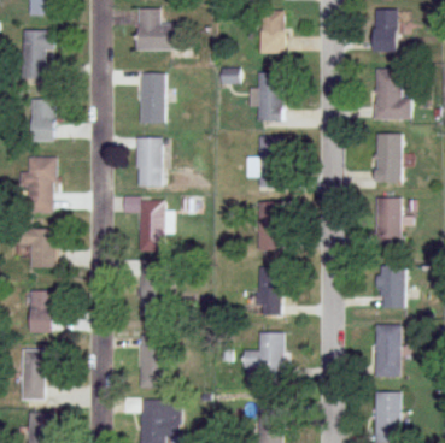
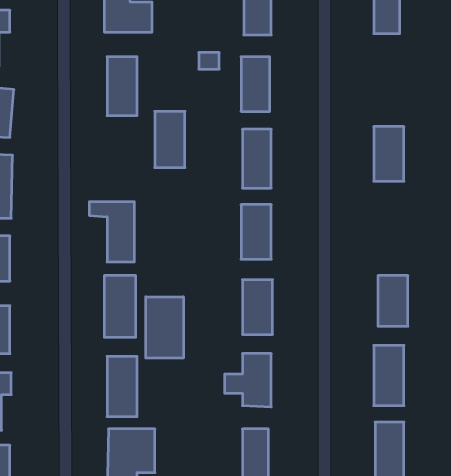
building: [375,67,410,118] -> none
building: [135,136,162,185] -> [155,111,185,168]
building: [375,196,400,246] -> none
building: none -> [146,297,183,358]

